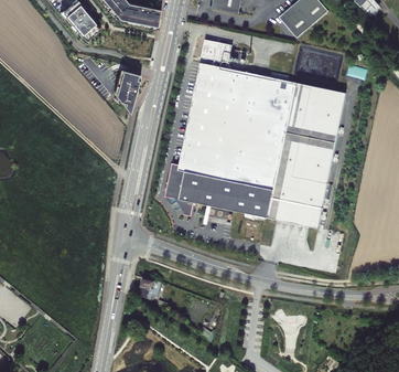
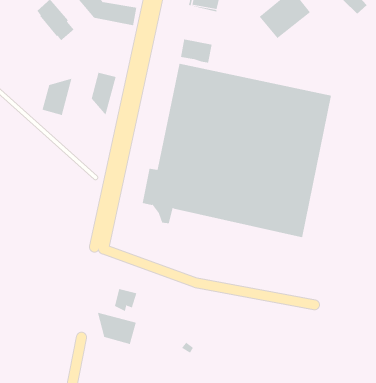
building: none -> [42,78,72,116]
building: none -> [97,312,137,345]

